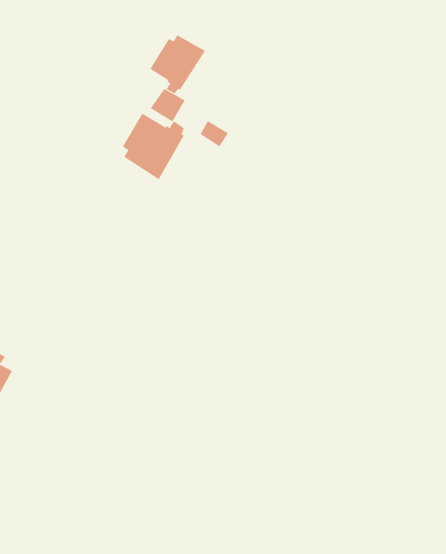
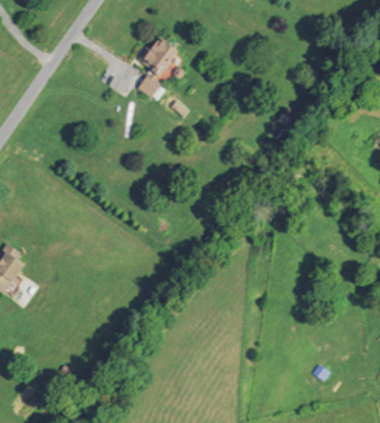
building: [122,113,185,180] -> none

